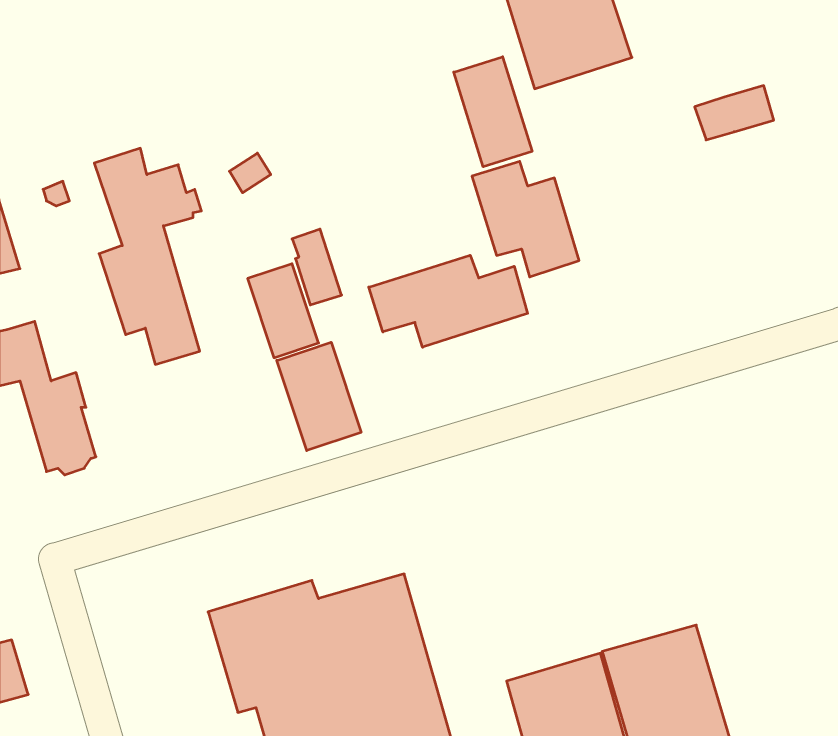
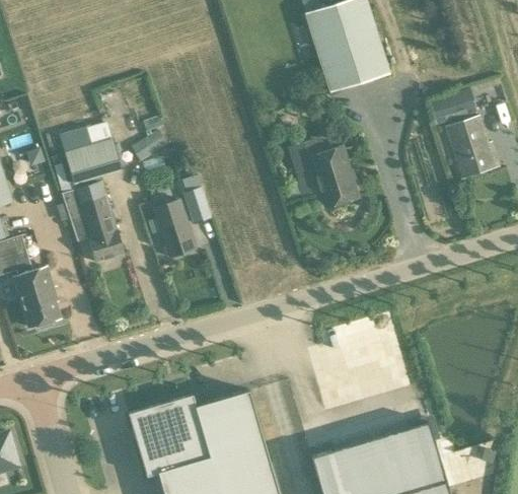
building: [454,57,532,167] -> none
building: none -> [446,116,491,178]
building: [369,255,528,347] -> none
building: [277,342,361,451] -> none

